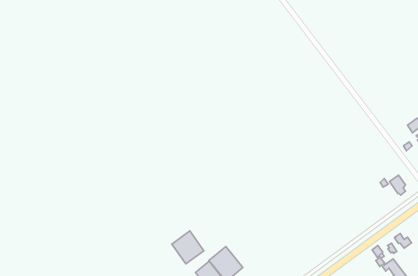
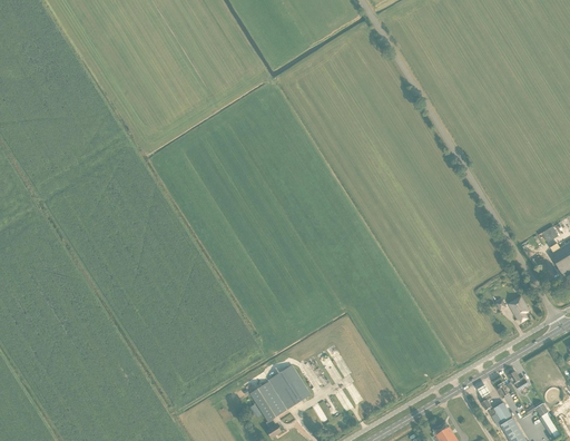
building: [172,231,204,264] -> none

